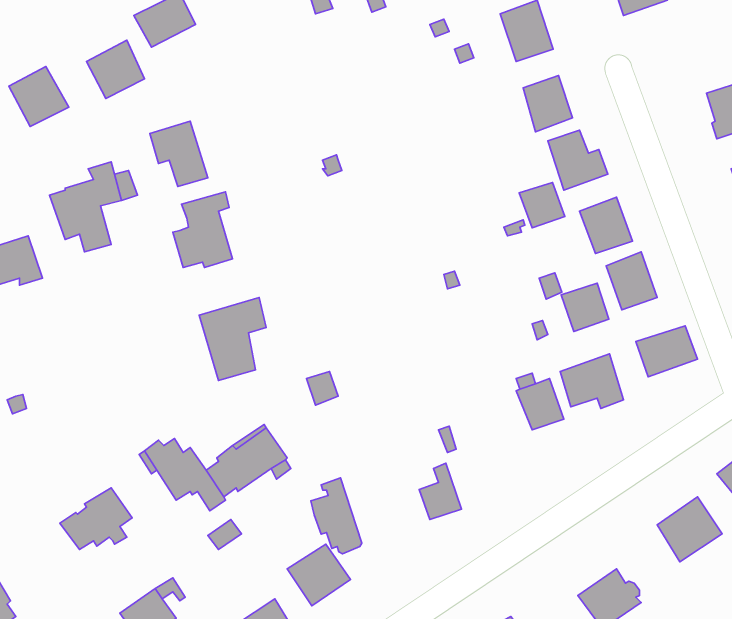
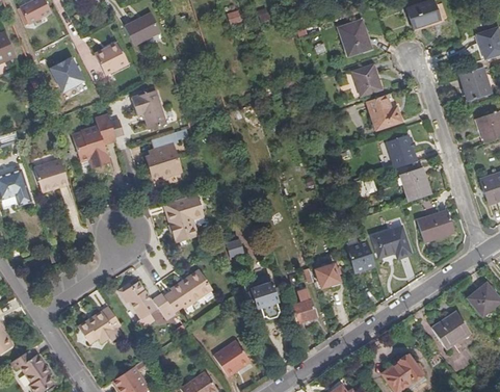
building: [519,182,565,228] -> none
building: [561,283,609,332] -> none
building: none -> [317,263,342,287]
building: [311,478,362,554] -> [252,276,282,320]

